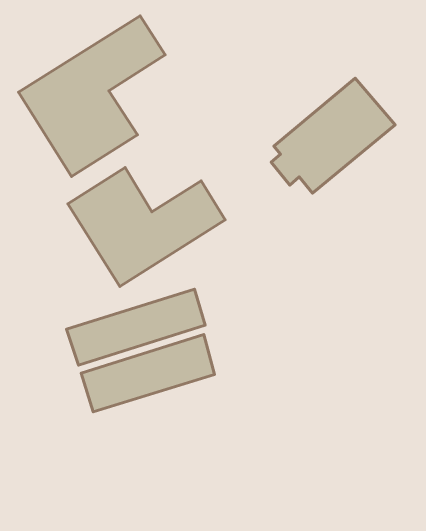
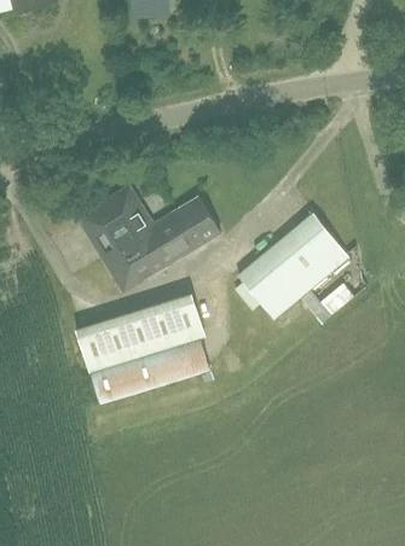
building: [18,16,165,176] -> none
building: [271,78,395,193] -> [236,214,348,318]

